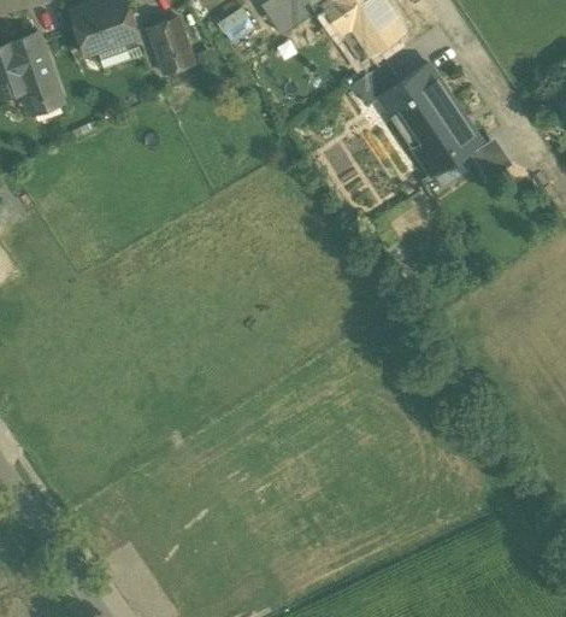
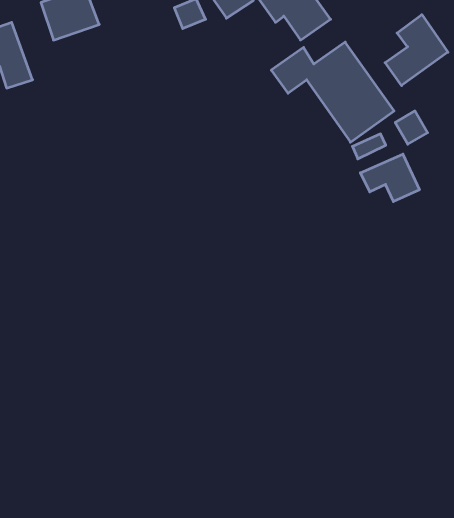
building: [145,16,194,75] -> none
building: none -> [385,15,448,86]
building: none -> [360,154,419,202]

